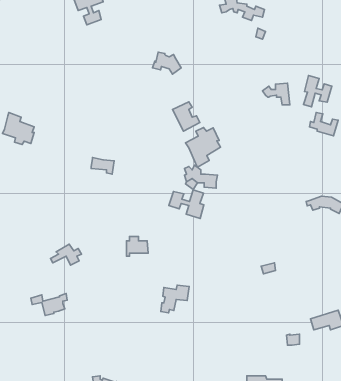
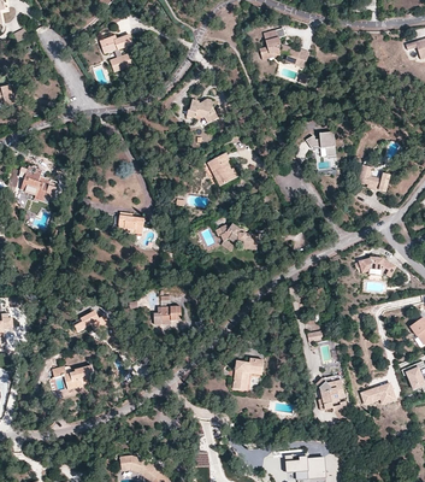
building: [304,76,332,107] -> none
building: [185,128,221,167] -> none
building: [169,190,204,219] -> none
building: [161,285,189,313] -> [232,358,264,388]
building: none -> [315,377,344,410]

